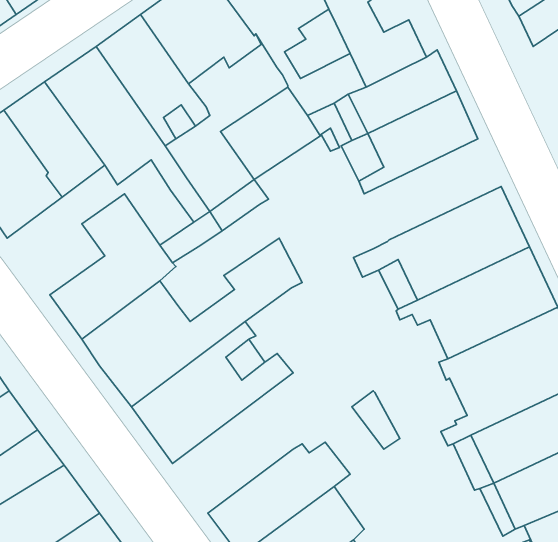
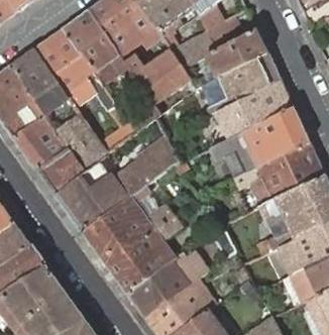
building: none -> [215,80,293,138]
building: none -> [12,113,68,169]
building: none -> [106,213,183,293]

